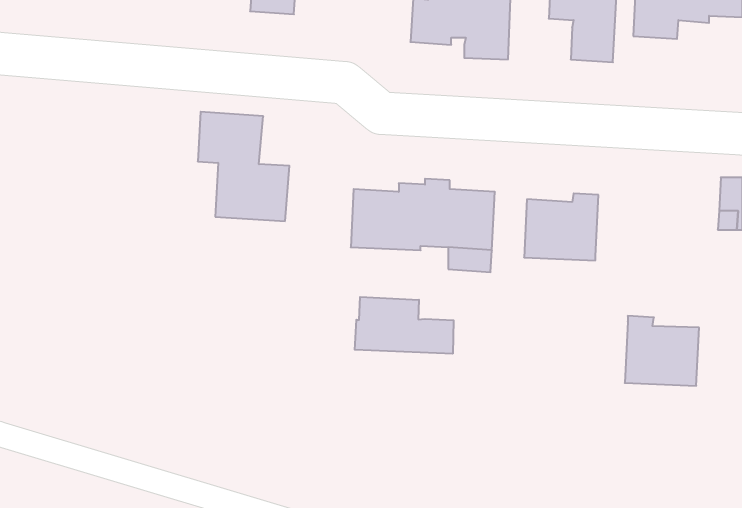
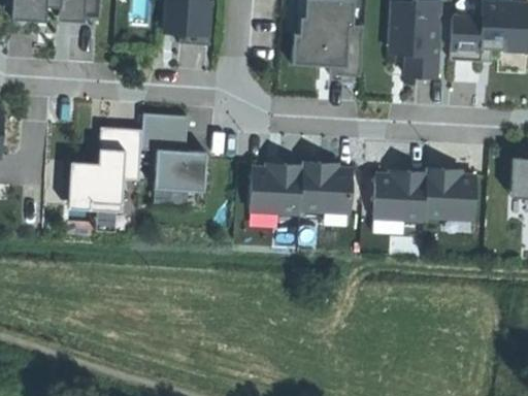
building: none -> [67,127,141,203]
building: [355,297,454,354] -> none
building: [625,316,699,386] -> [423,168,475,218]

